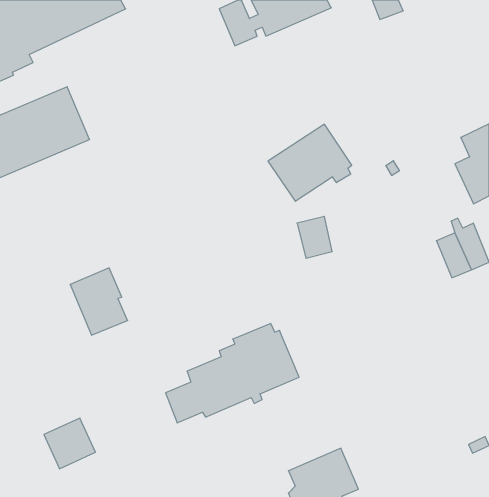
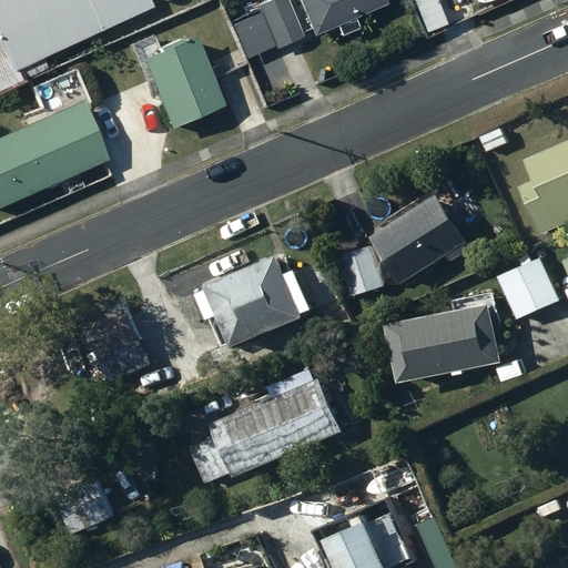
building: none -> [136,38,219,129]
building: [268,124,352,201] -> [371,194,466,282]
building: none -> [199,255,311,346]
building: none -> [388,303,501,382]

